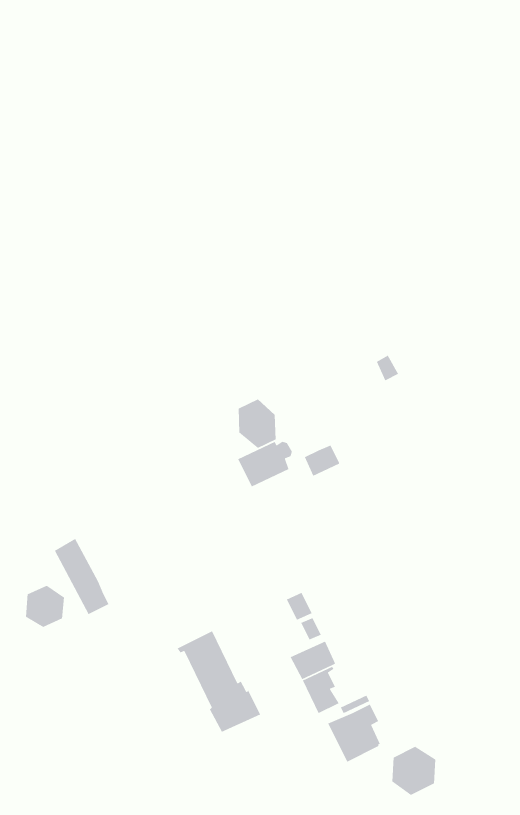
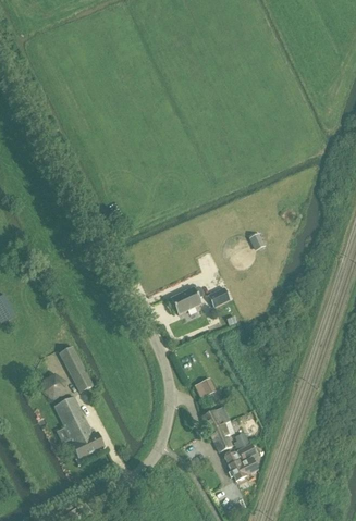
building: [238,398,276,449] -> none
building: [177,630,261,733] -> [52,396,103,458]
building: [392,746,436,796] -> none

